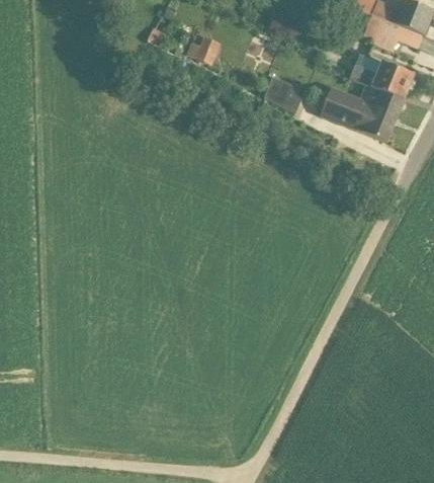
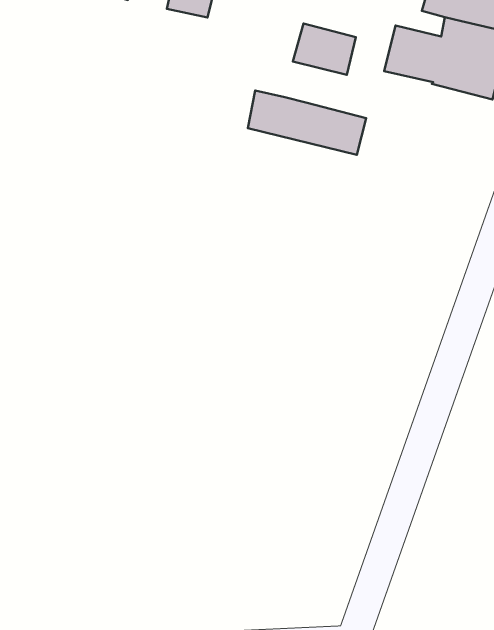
building: none -> [248,90,366,155]

